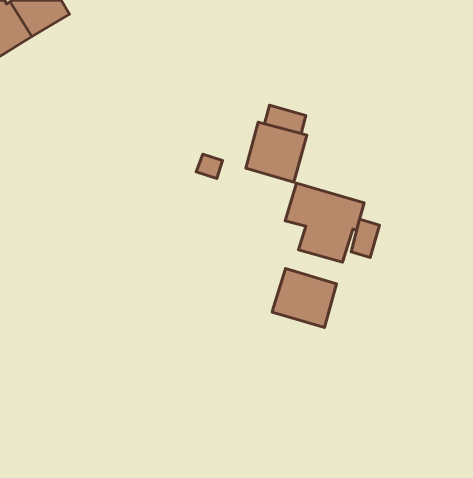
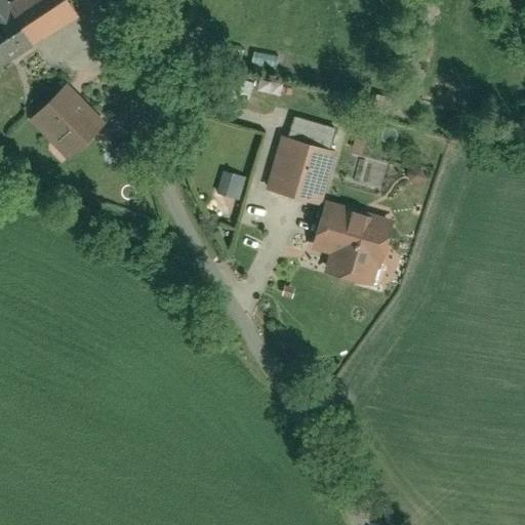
building: none -> [31,85,104,158]
building: [351,219,379,257] -> none
building: [272,268,337,328] -> none

